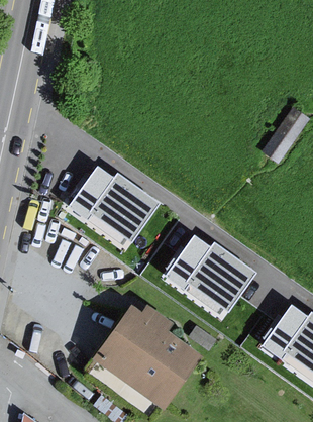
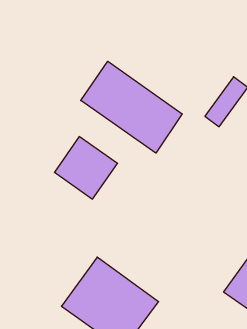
building: none -> [81,61,182,153]
building: [181,237,252,307] -> none

